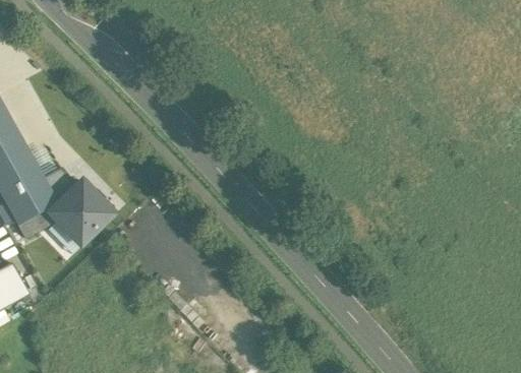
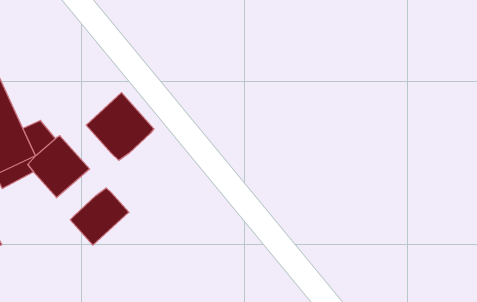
building: none -> [86,93,154,160]
building: none -> [70,188,129,245]

